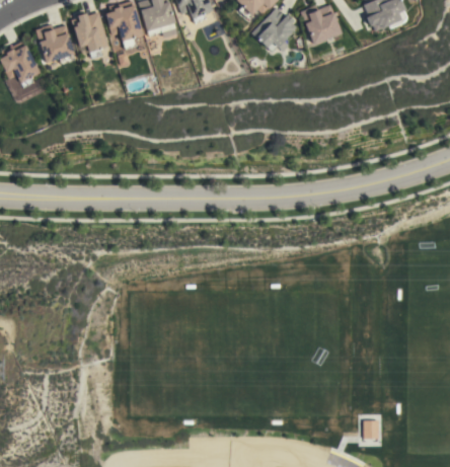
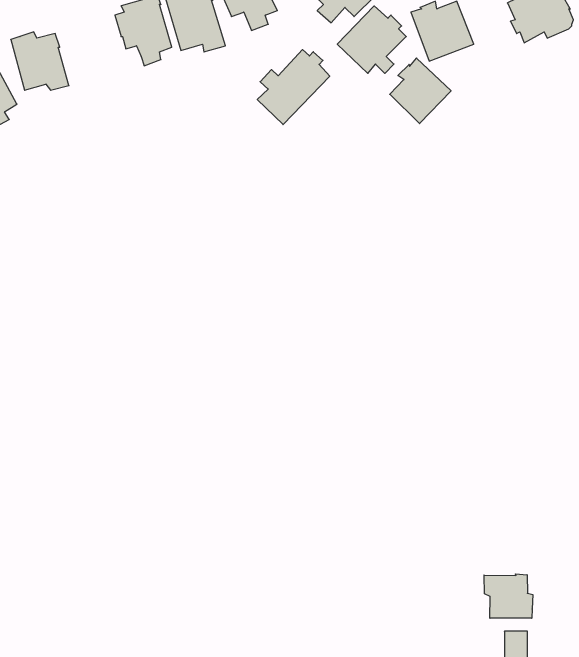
building: [72,12,109,59] -> none
building: none -> [257,50,330,125]
building: none -> [390,58,451,124]
building: none -> [484,574,533,618]

